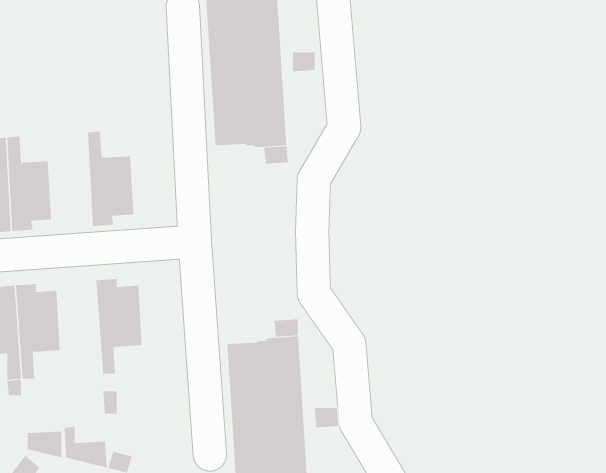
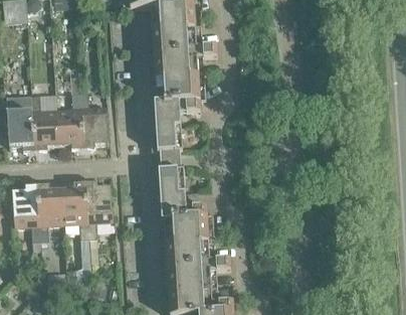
building: none -> [55,93,81,149]
building: none -> [153,100,181,151]
building: none -> [157,168,185,219]
building: none -> [60,181,87,239]

